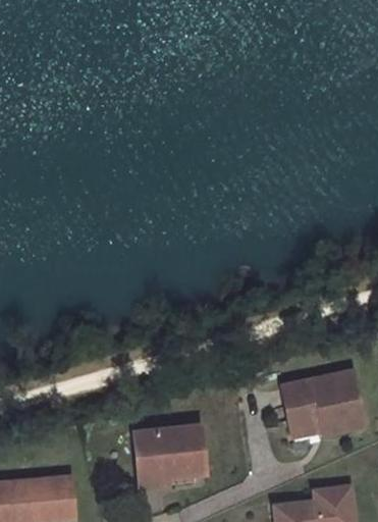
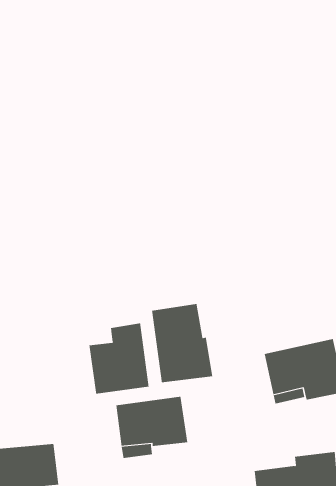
building: none -> [152,303,213,383]
building: none -> [89,323,149,395]

